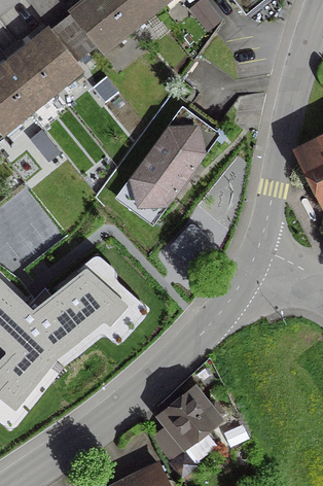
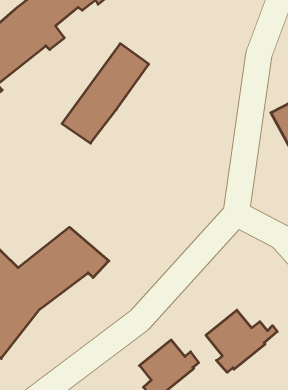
building: [120,114,211,218] -> [62,44,149,143]
building: none -> [206,310,277,372]

